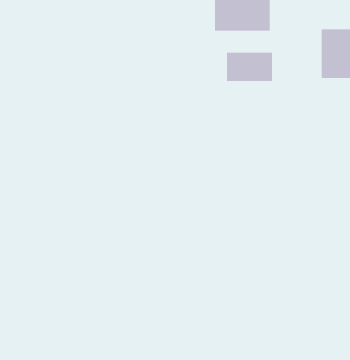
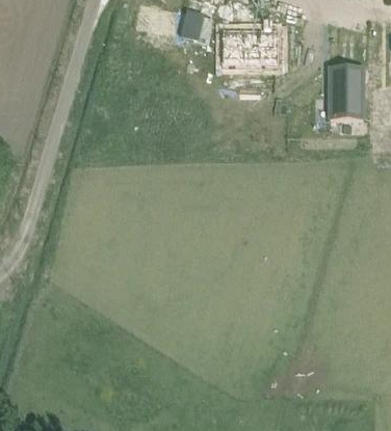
building: [226,52,273,82] -> none

